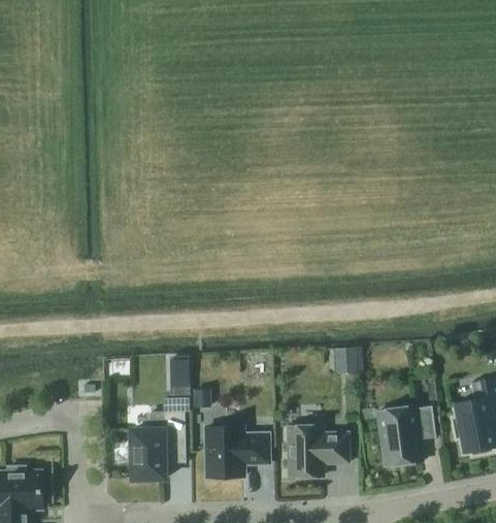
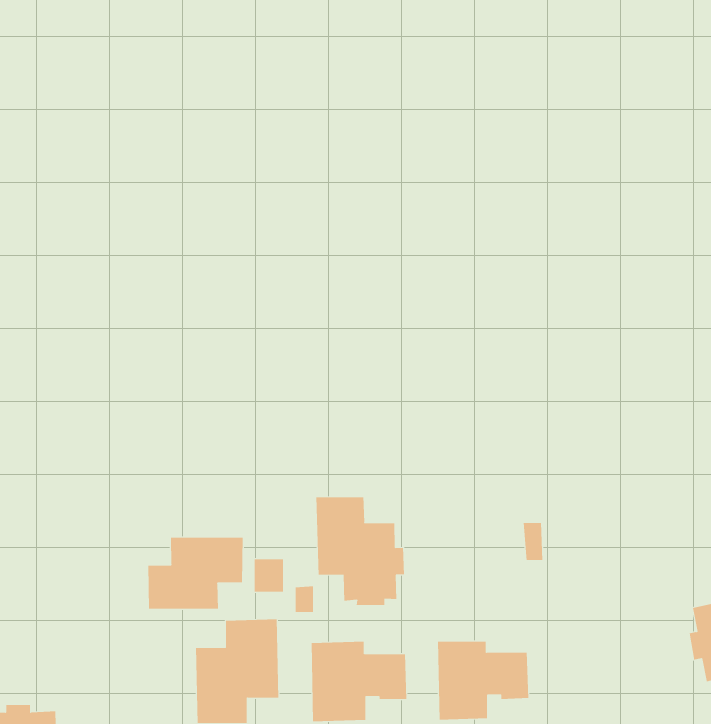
building: none -> [316,496,405,606]
building: none -> [148,537,243,610]
building: [377,406,434,466] -> none

